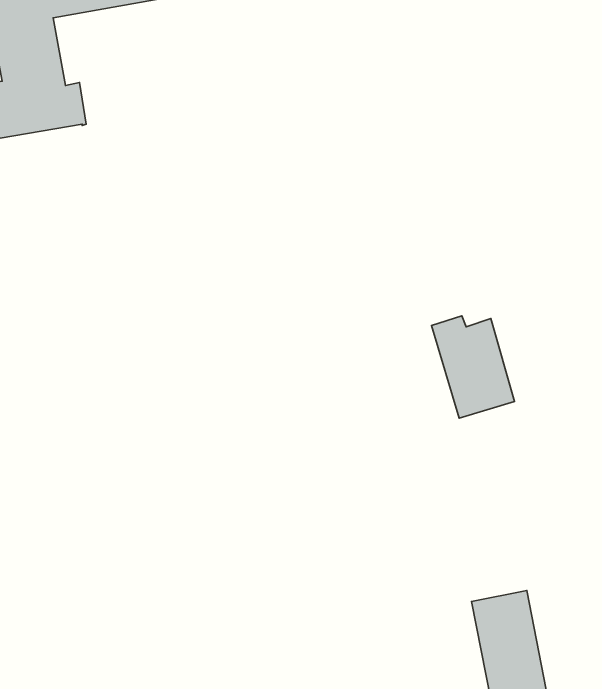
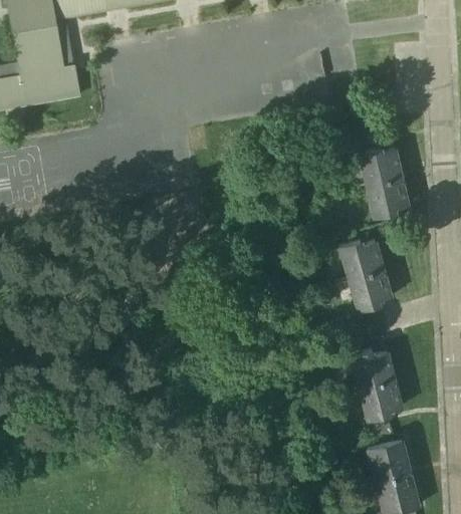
building: none -> [357,144,407,219]
building: none -> [348,345,403,421]

